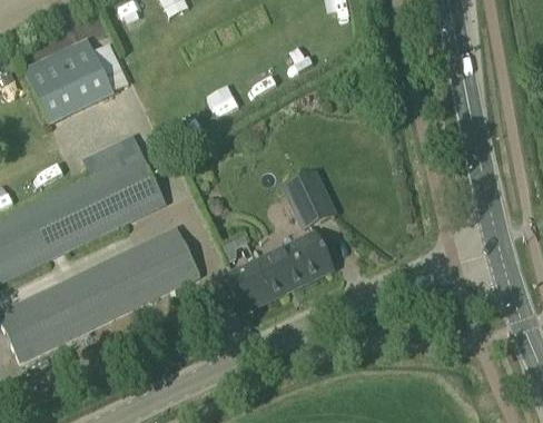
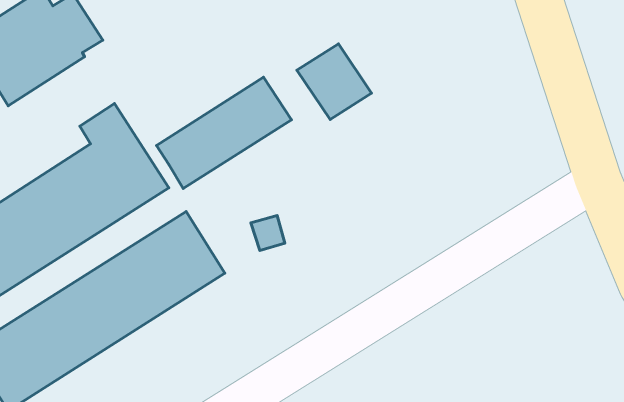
building: [280,173,336,230] -> [297,44,372,119]
building: [227,234,334,313] -> [157,77,292,189]

